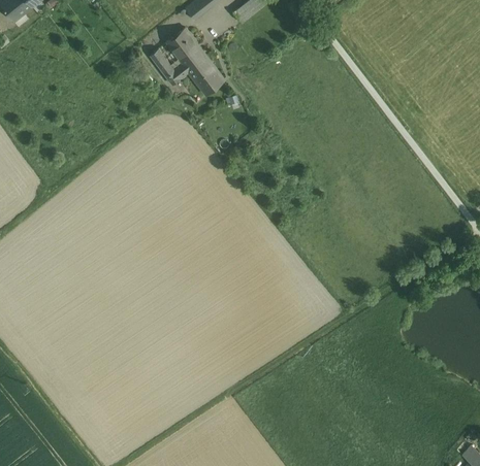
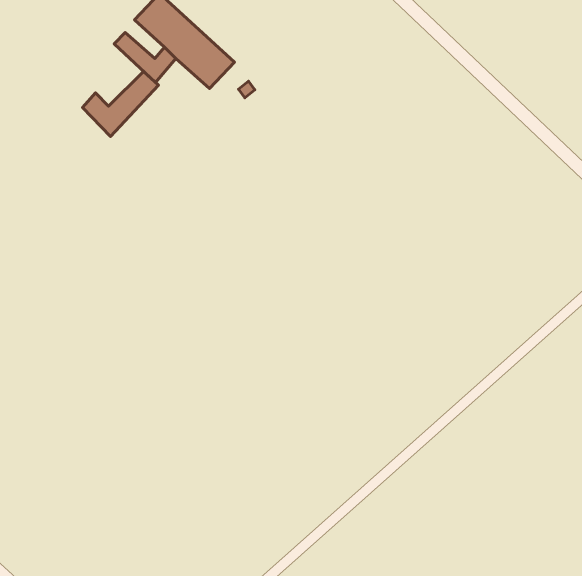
building: none -> [82,72,158,136]

